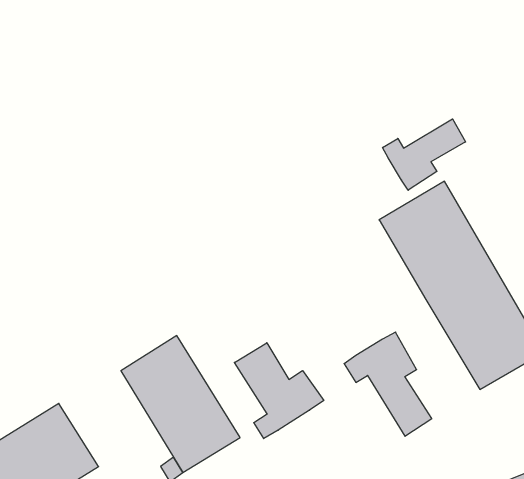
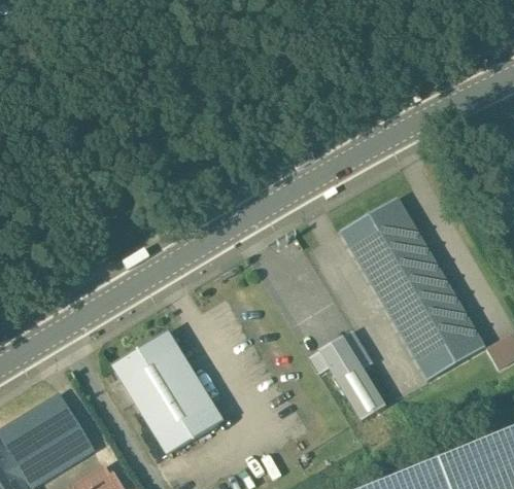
building: [383,119,466,190] -> none
building: [234,343,324,439] -> none

